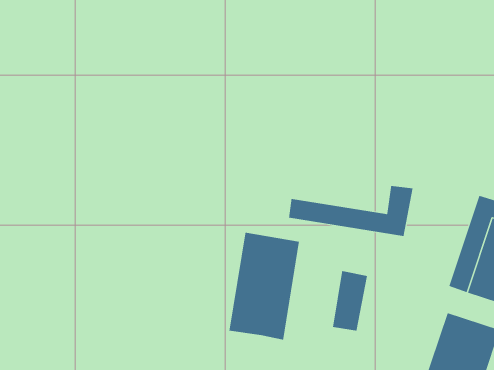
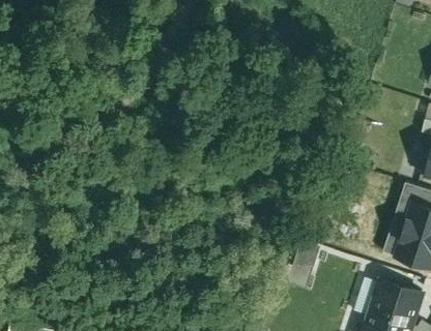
building: [289,185,413,237] -> none
building: [229,232,300,341] -> none

